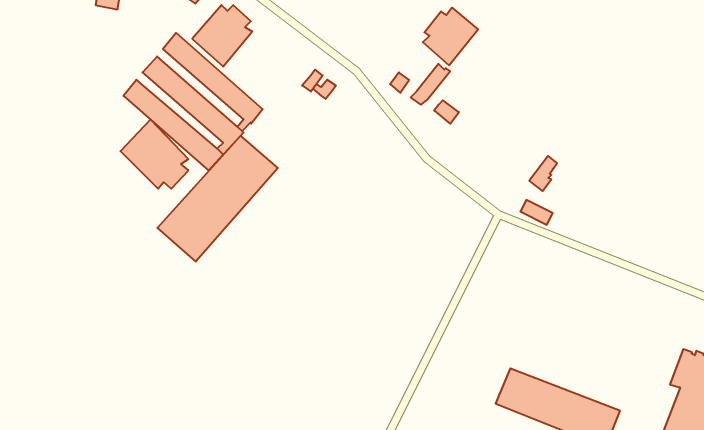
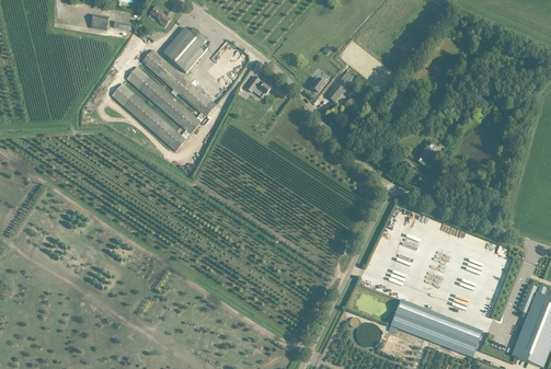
building: [423,8,478,65] -> none
building: [120,120,188,189] -> none
building: [157,136,278,262] -> none

